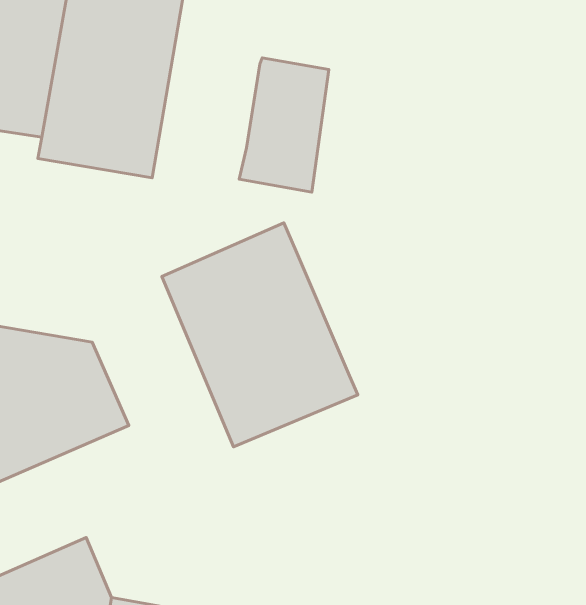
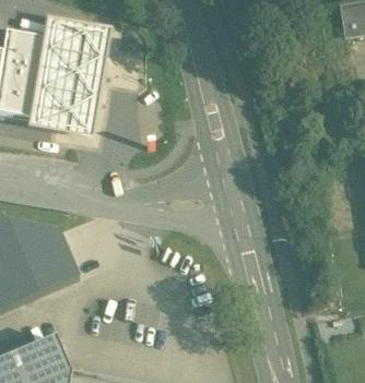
building: [239,58,329,192] -> none
building: [162,223,358,447] -> none

